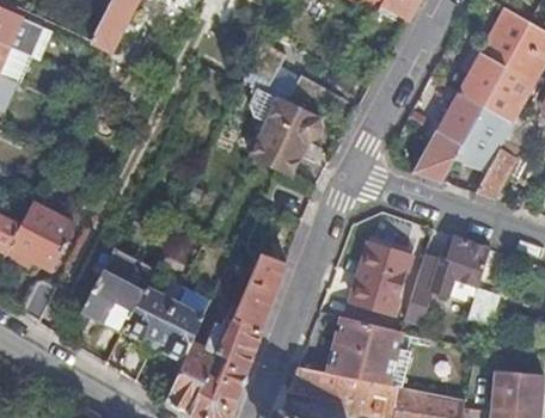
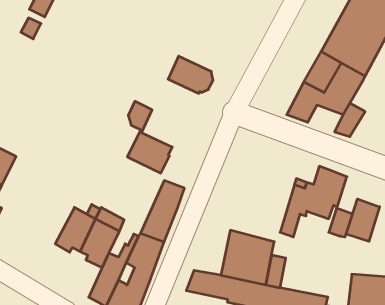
building: [247,87,304,177] -> [127,101,172,173]
building: [350,242,410,313] -> none
building: [82,247,155,332] -> none
building: none -> [346,199,380,241]

